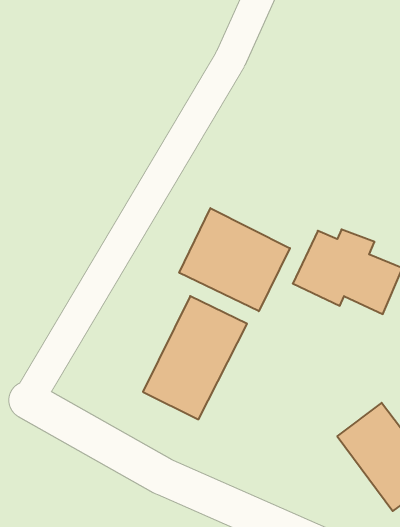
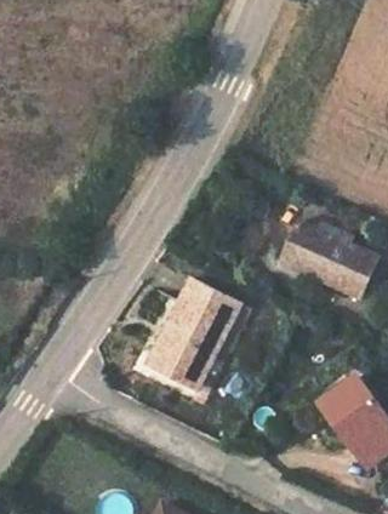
building: [179,208,290,311] -> none

